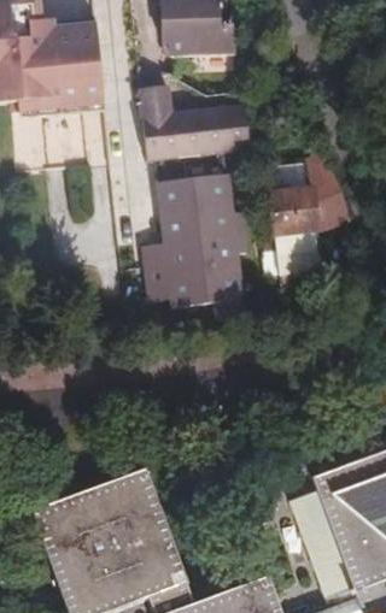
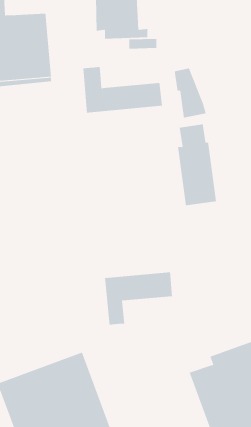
building: [305,159,349,226] -> [174,68,207,118]
building: [145,176,239,307] -> none
building: none -> [105,272,172,325]

